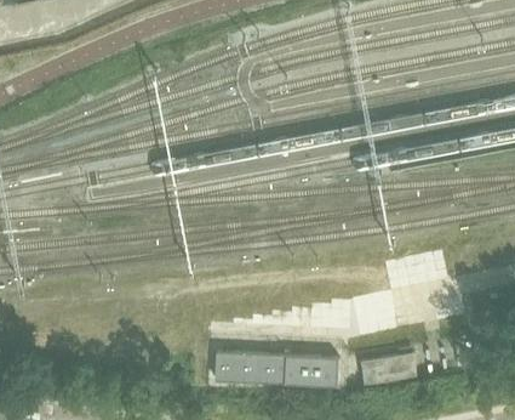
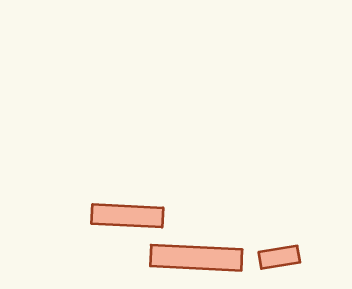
building: none -> [92,204,163,227]

